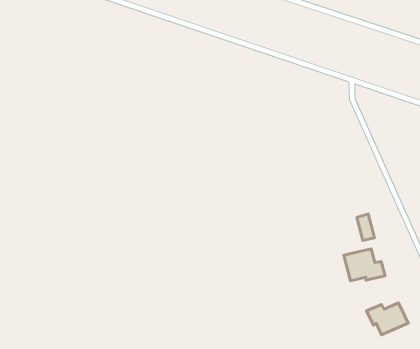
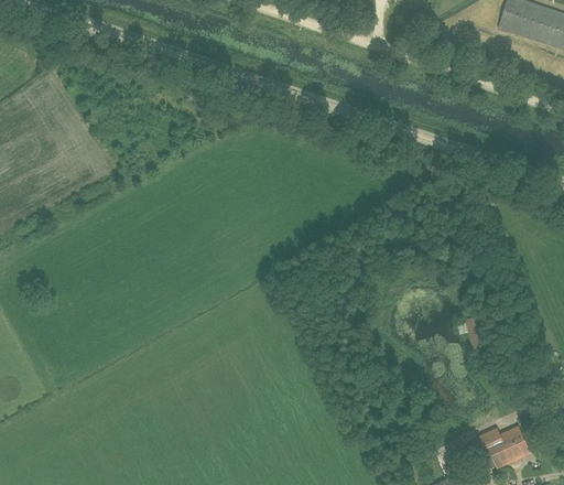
building: [344,249,385,281] -> none

